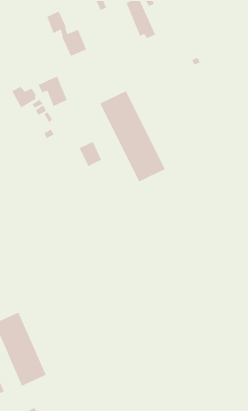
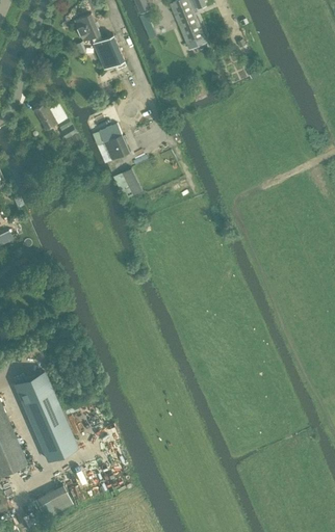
building: [37,76,68,107] -> [94,125,130,162]
building: [99,90,166,183] -> none

